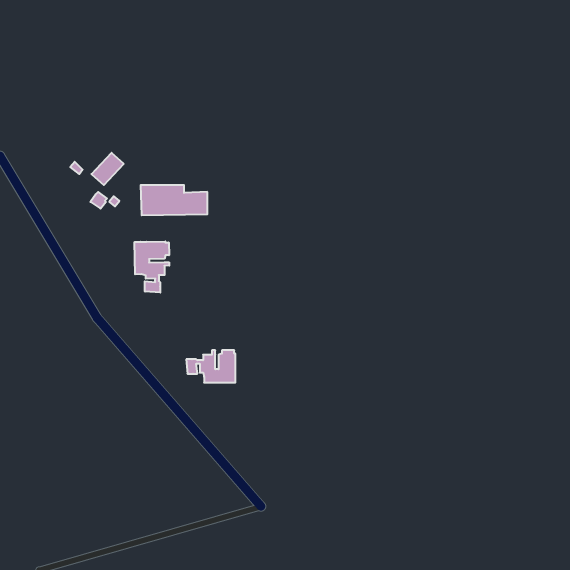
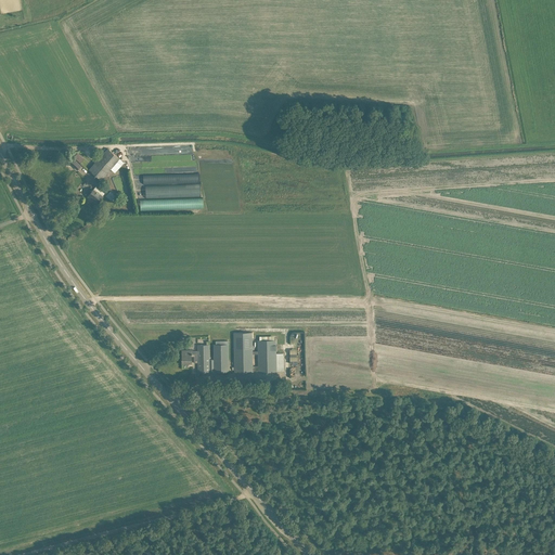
building: [135,241,169,293] -> none
building: none -> [232,332,284,372]

